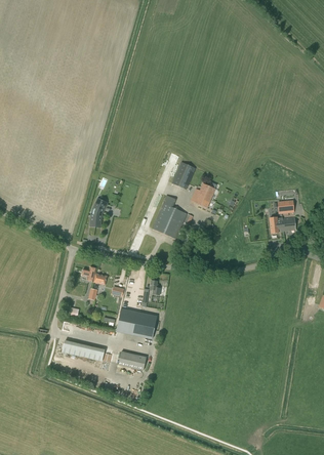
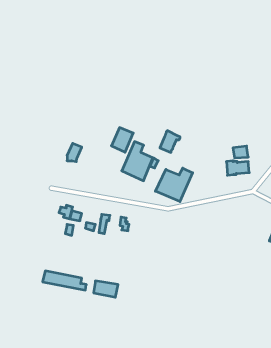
building: [171,162,196,190] -> [111,128,133,152]
building: none -> [155,168,193,202]
building: [116,309,156,339] -> none

